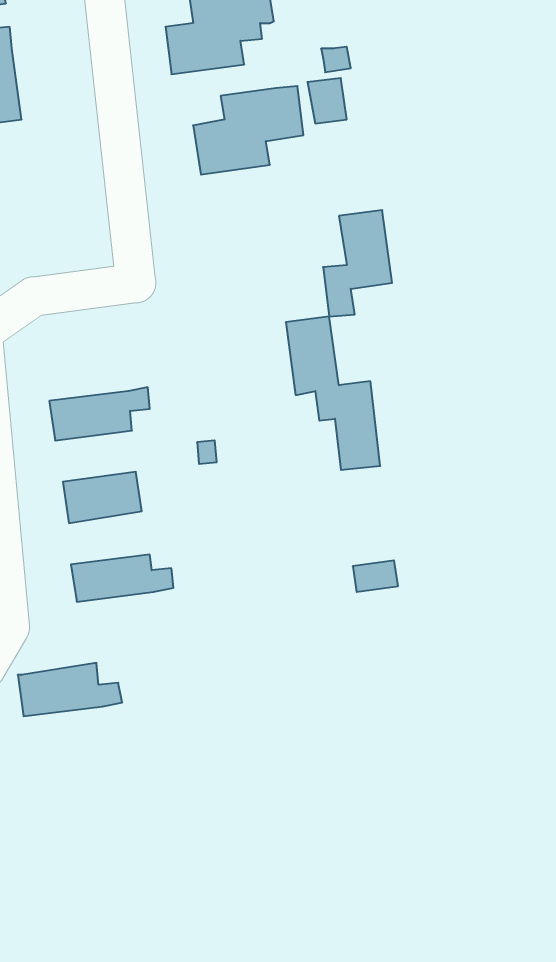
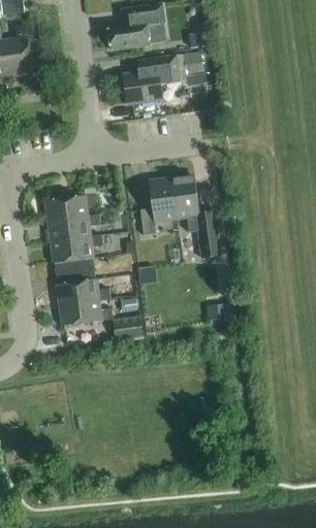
building: [323,210,392,316] -> [139,179,176,235]
building: none -> [43,194,97,221]
building: none -> [50,235,102,264]
building: none -> [112,318,143,340]
building: [18,663,122,716] -> [55,278,109,306]

